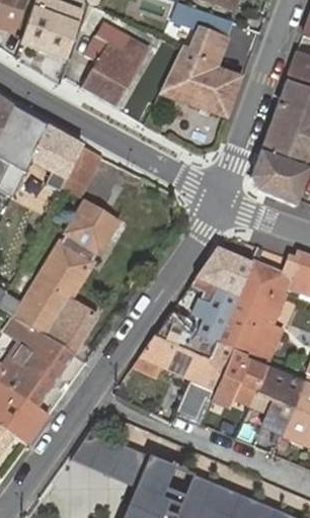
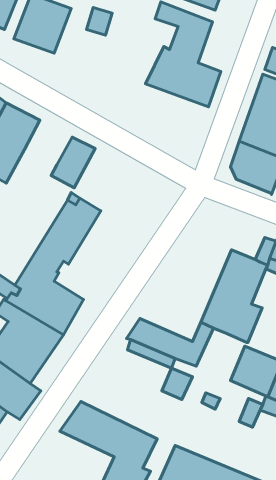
building: [82,39,149,109] -> none
building: [32,128,83,176] -> none
building: [155,251,252,363] -> none
building: [215,349,268,405] -> none

